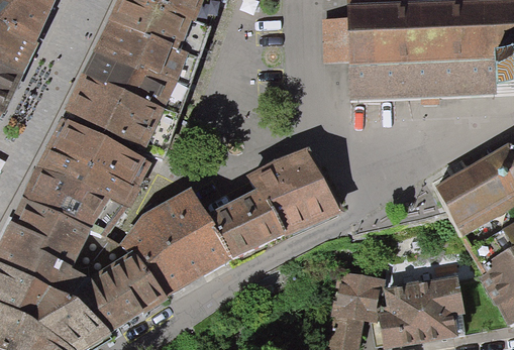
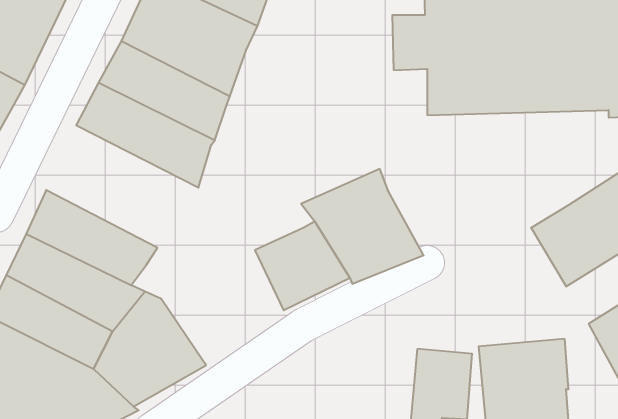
building: [39,114,150,205] -> none
building: [119,182,231,297] -> none

